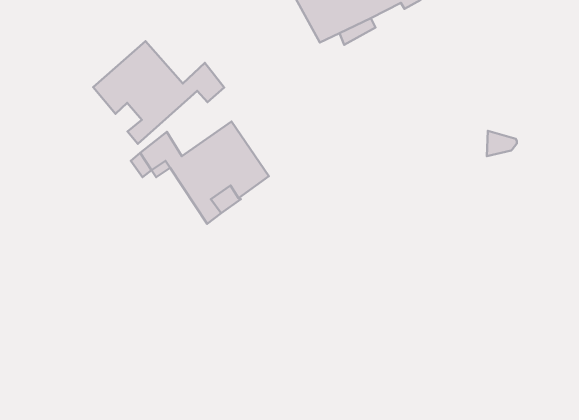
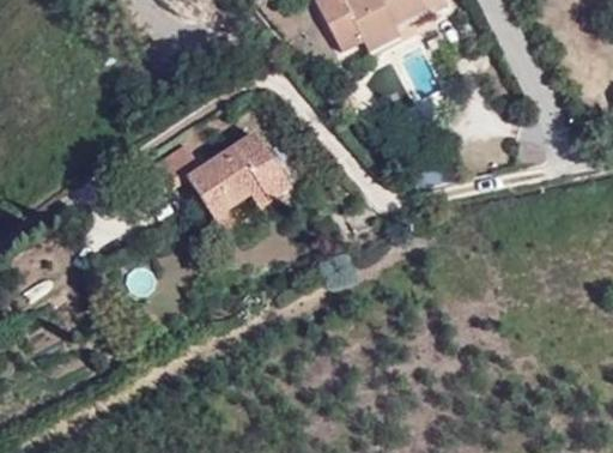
building: [93,41,224,144] -> none

